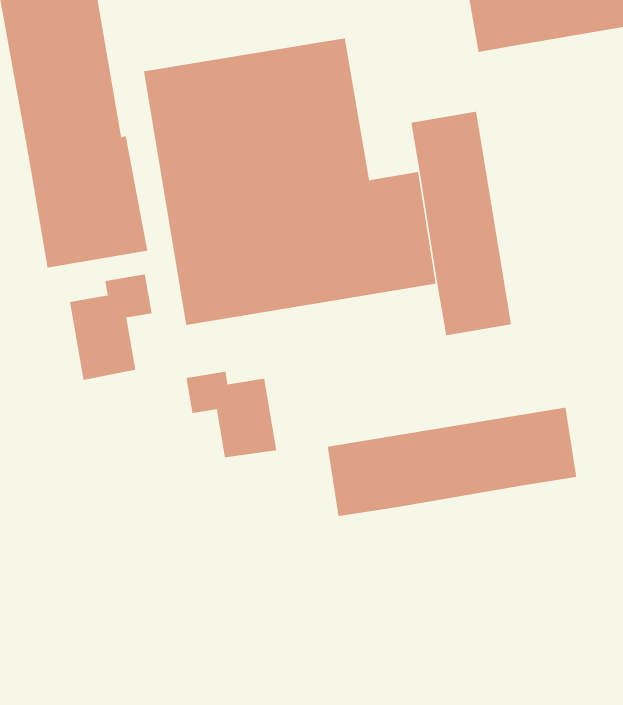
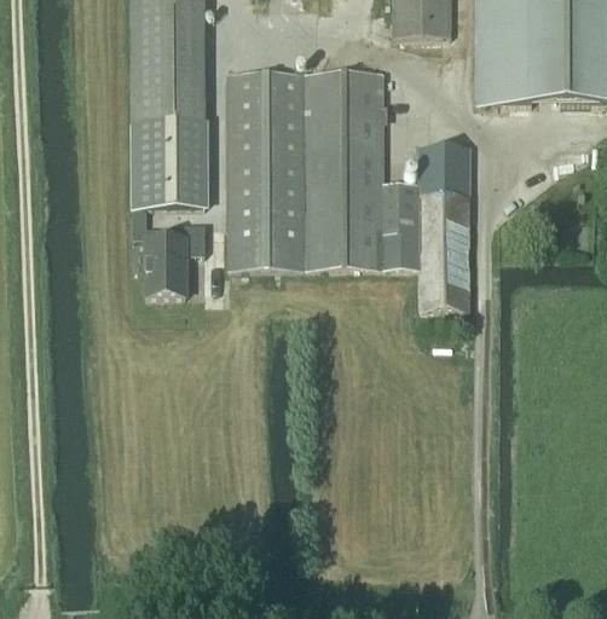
building: [186,371,277,458] -> none
building: [327,407,577,517] -> none

